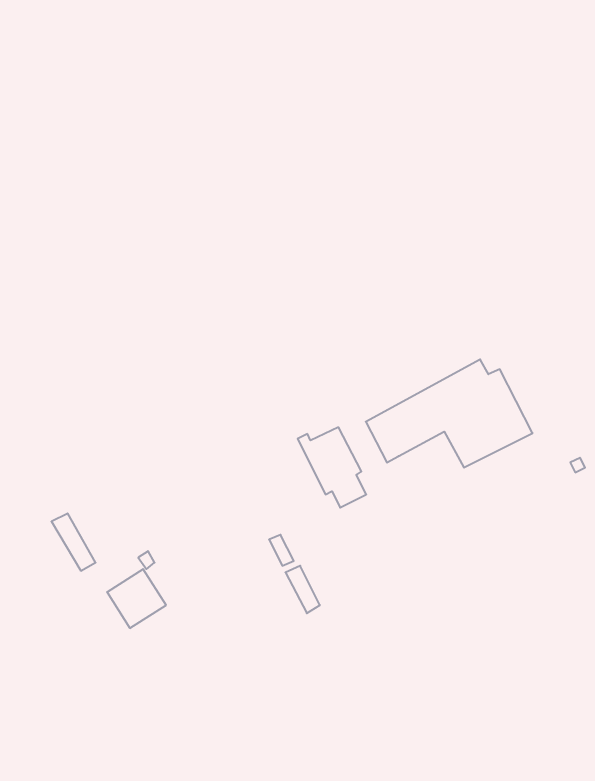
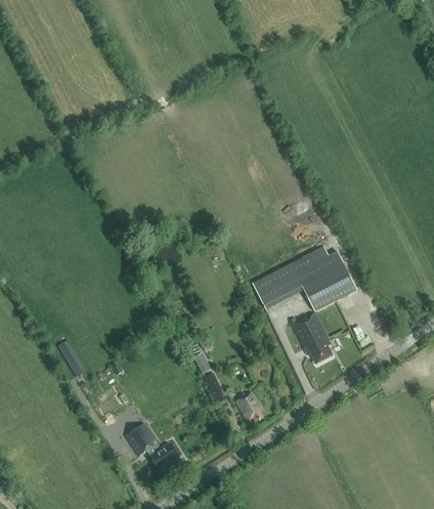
building: [298,427,366,508] -> [289,312,332,363]
building: none -> [234,392,262,421]
building: none -> [124,423,177,469]

